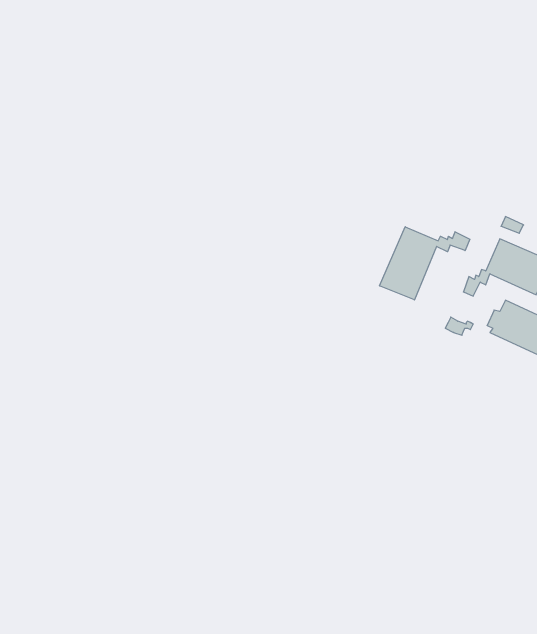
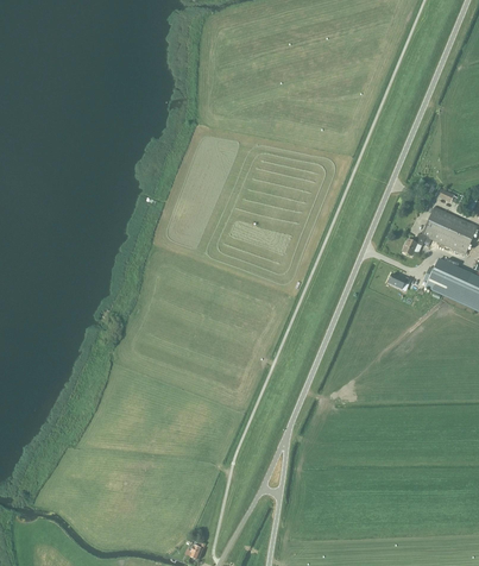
building: [380,227,470,300] -> none

